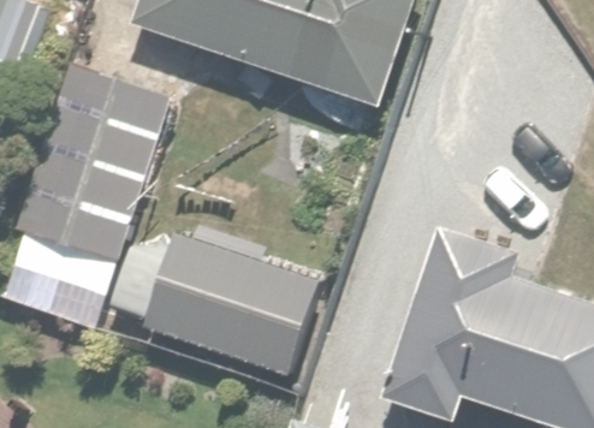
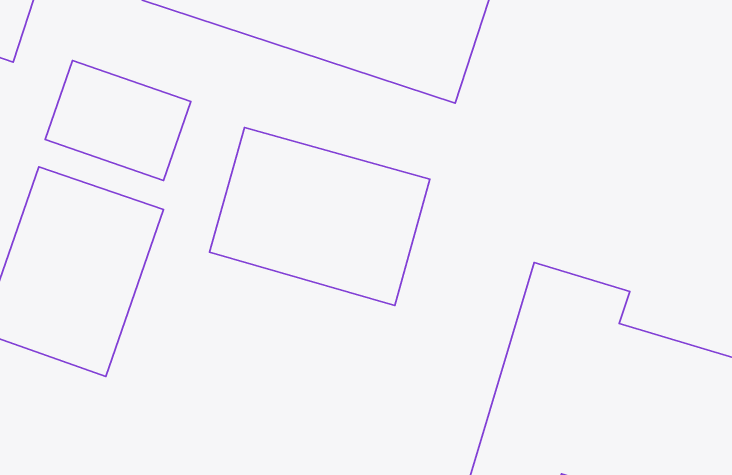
building: [147,233,321,374] -> [210,128,430,305]

